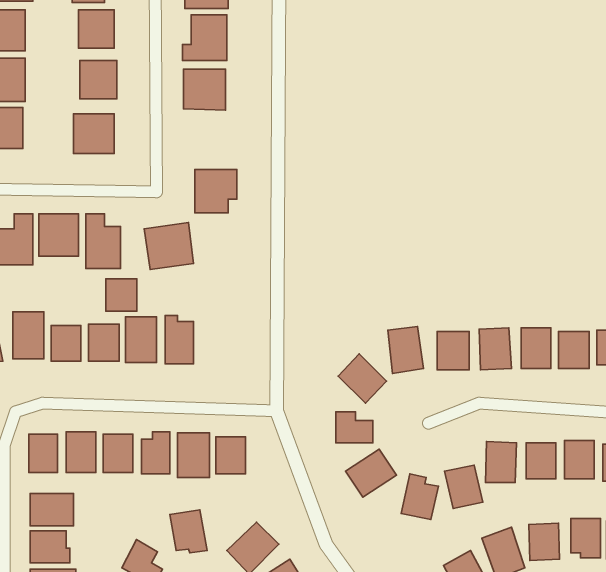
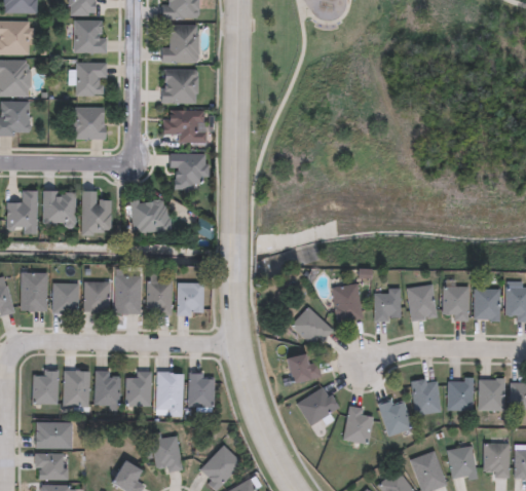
building: none -> [163,111,203,143]
building: [106,279,137,311] -> none
building: none -> [177,282,203,314]

